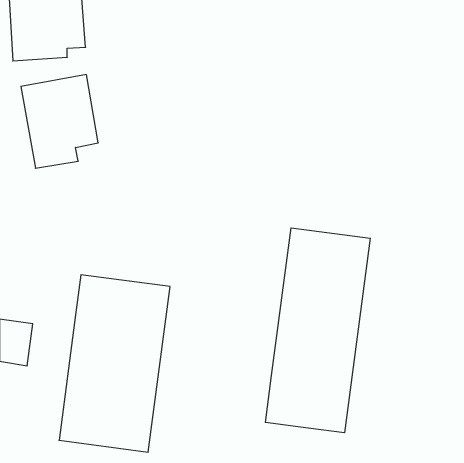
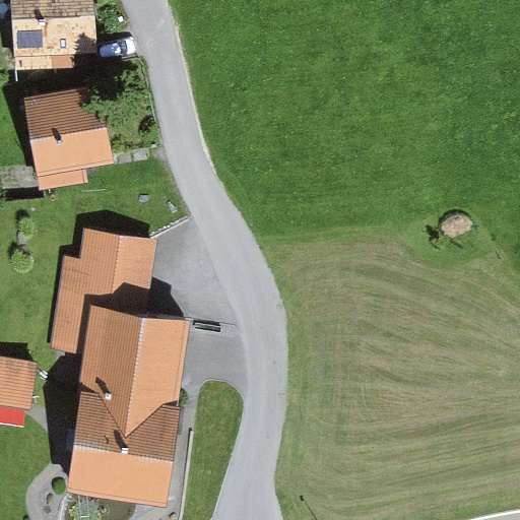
building: none -> [50,230,155,351]
building: [265,228,370,433] -> none

